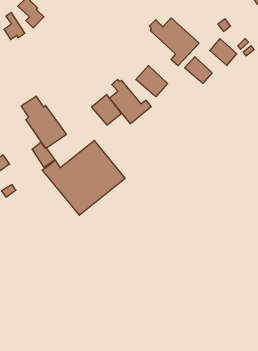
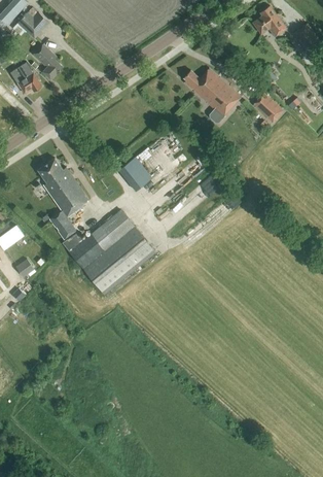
building: [185,57,212,83] -> none
building: [136,66,168,97] -> none
building: [110,79,151,124] -> none

